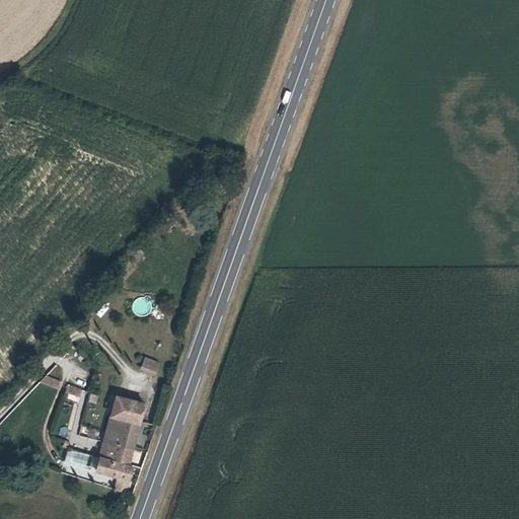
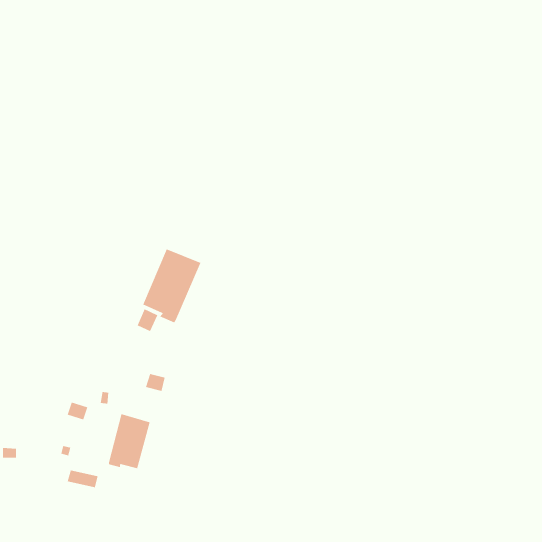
building: none -> [142,248,201,323]
building: [95,444,132,492] -> none

